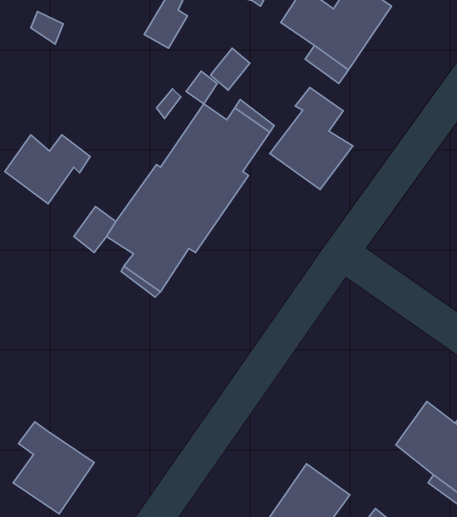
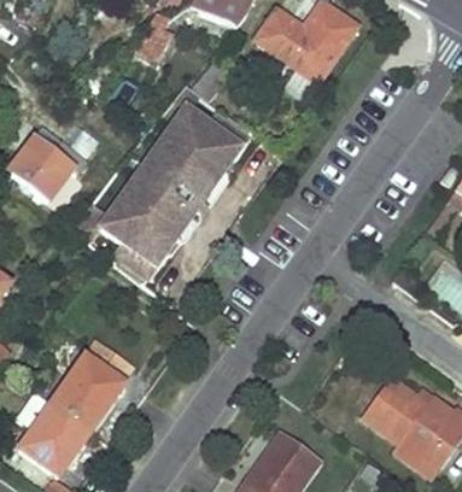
building: [270,88,353,189] -> none
building: none -> [49,339,131,430]

